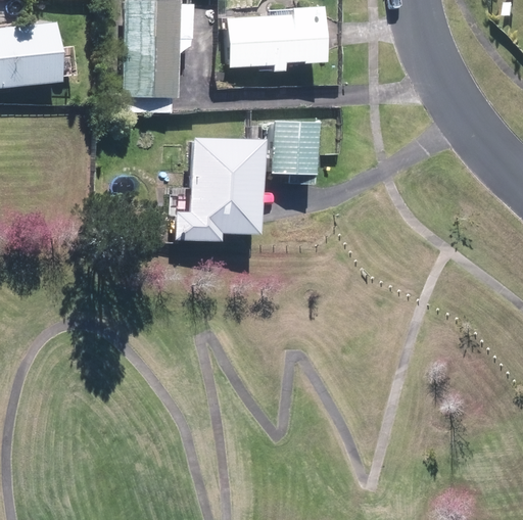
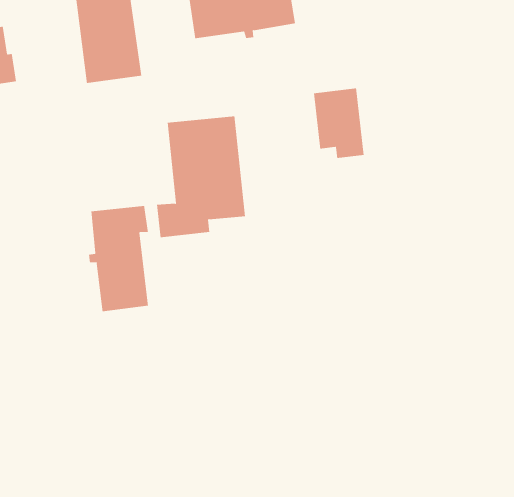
building: [275,121,315,182] -> [313,88,365,158]
building: none -> [88,205,149,312]

